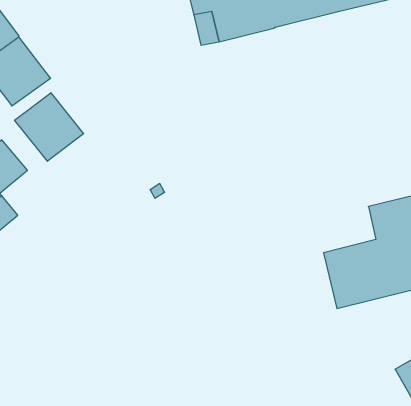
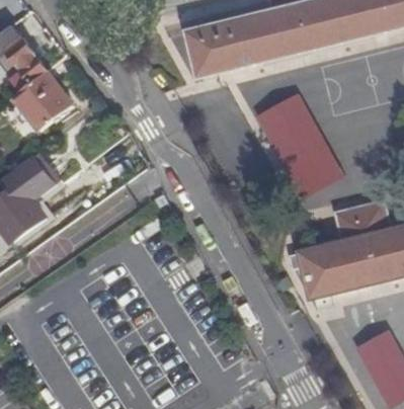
building: none -> [263,96,338,188]
building: [15,93,84,161] -> none

